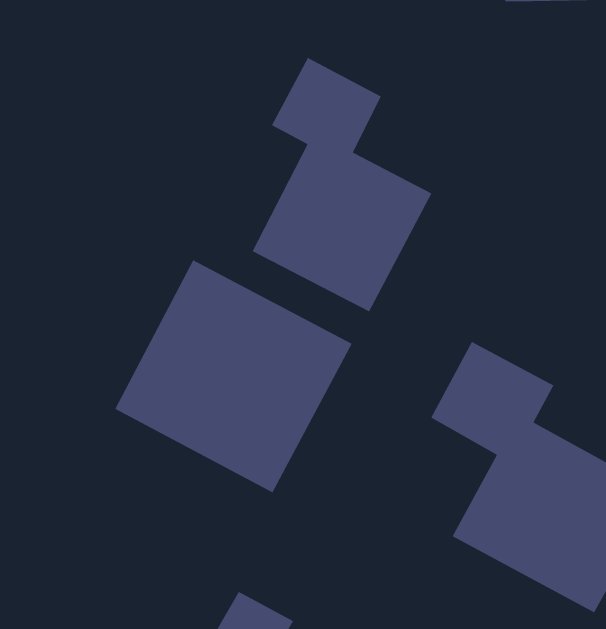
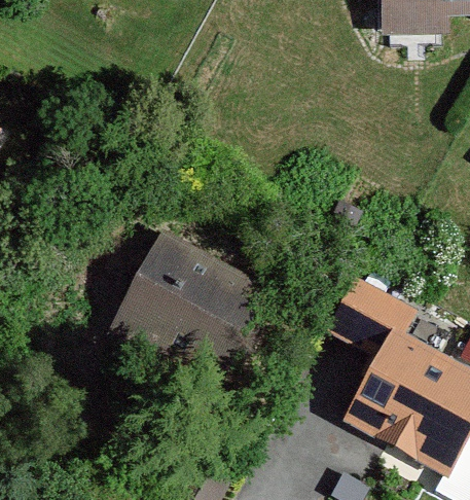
building: [251,57,433,313] -> none

